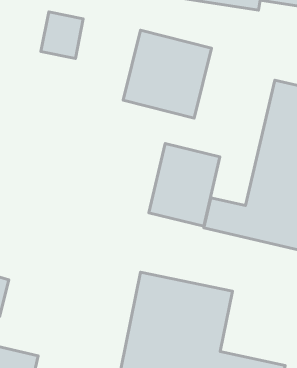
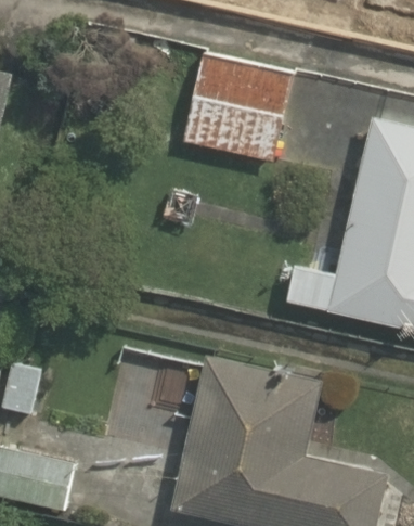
building: [149,144,220,226] -> none

